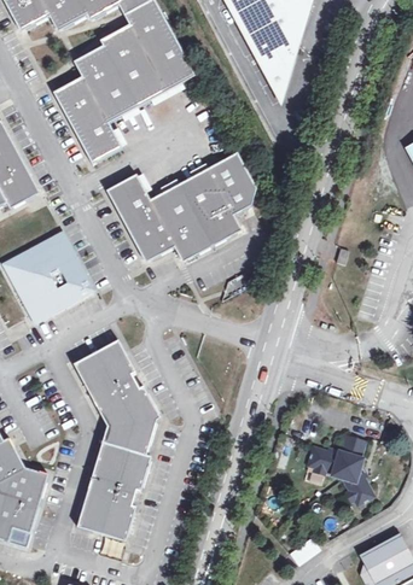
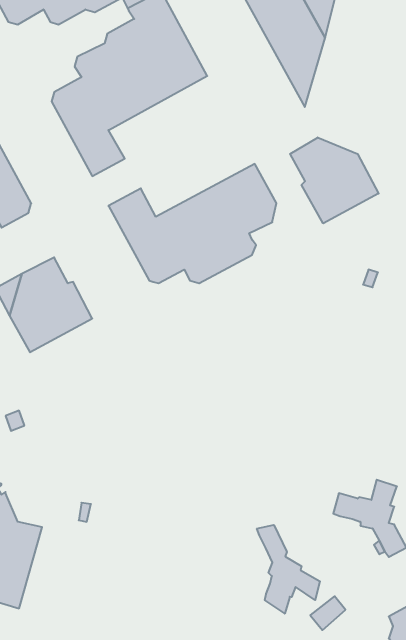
building: none -> [290,137,379,223]
building: [74,341,158,540] -> none
building: none -> [257,525,320,614]

